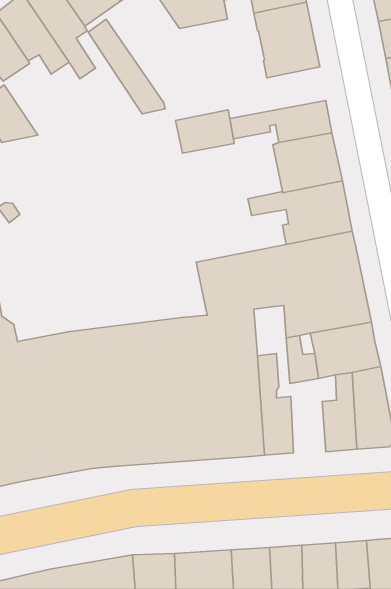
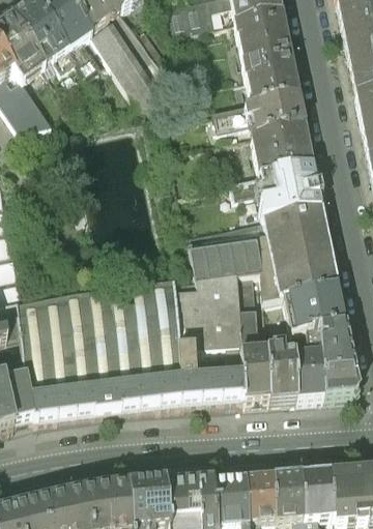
building: [175,110,234,153] -> [247,61,297,98]
building: none -> [235,268,255,311]
building: none -> [267,345,297,394]

